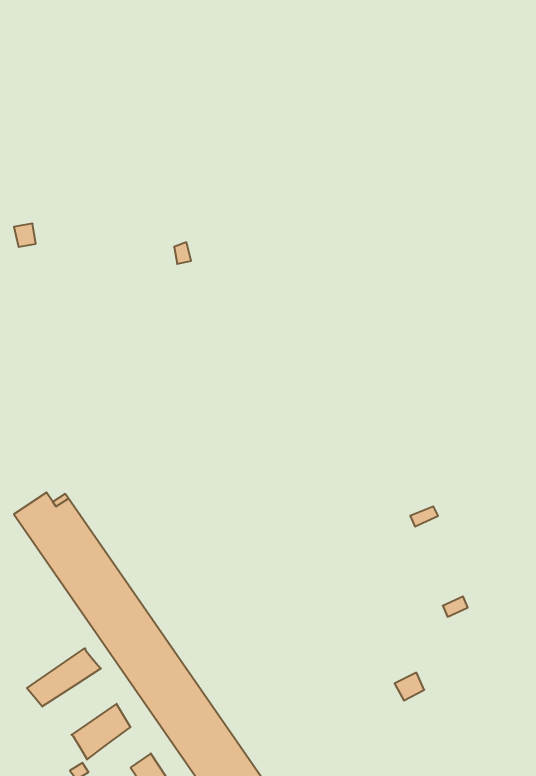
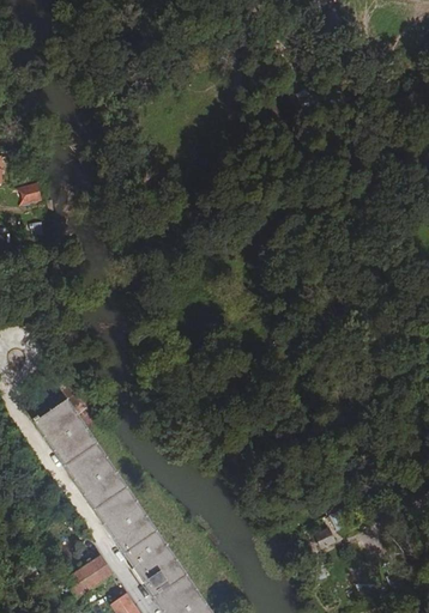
building: [27,648,101,707] -> none

